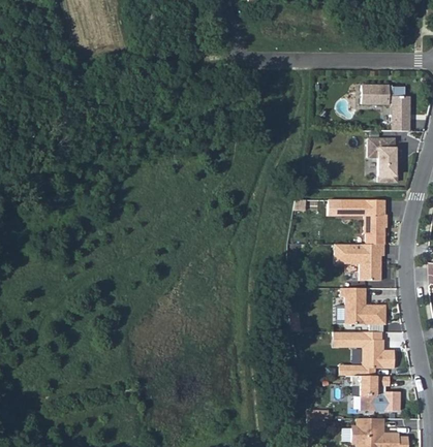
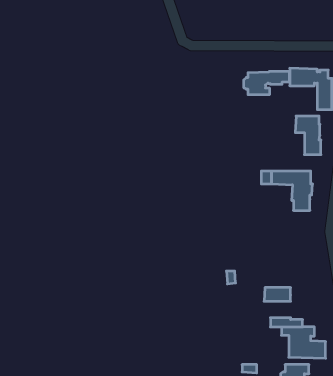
building: none -> [244,71,289,95]
building: [335,244,384,281] -> none
building: [341,288,386,324] -> none
building: [363,340,395,369] -> none

